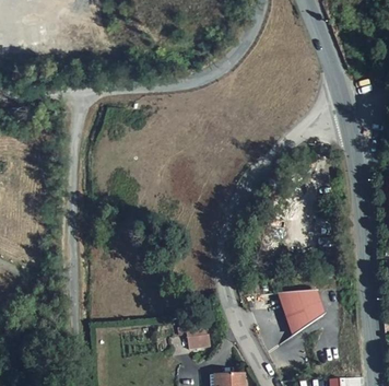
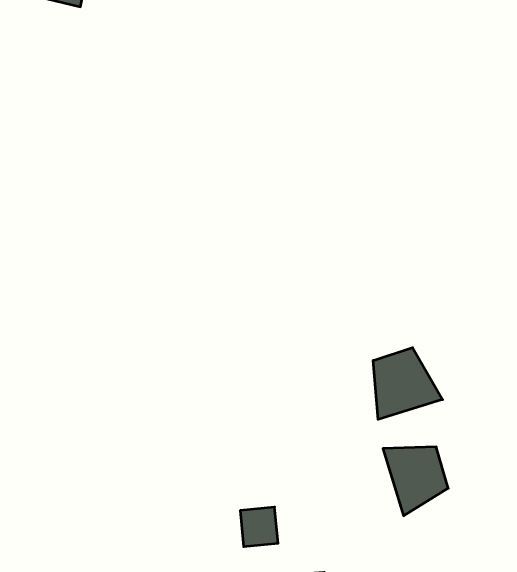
building: none -> [373,348,443,419]

